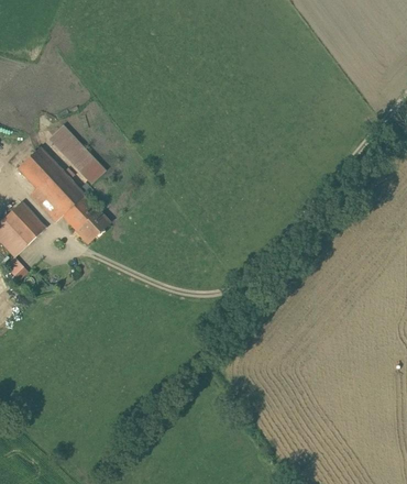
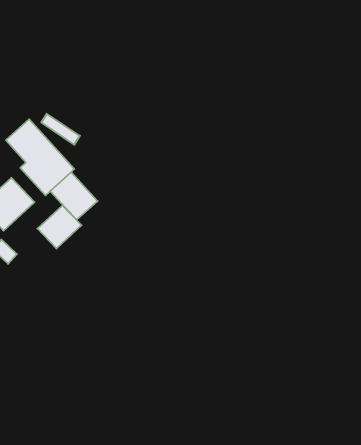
building: none -> [37,205,82,249]

